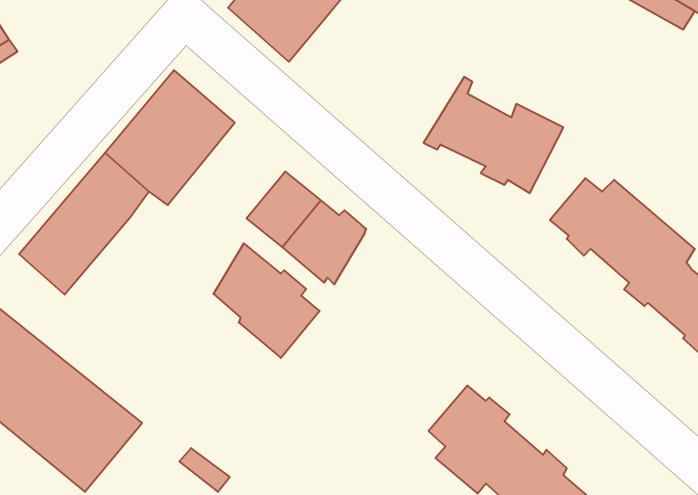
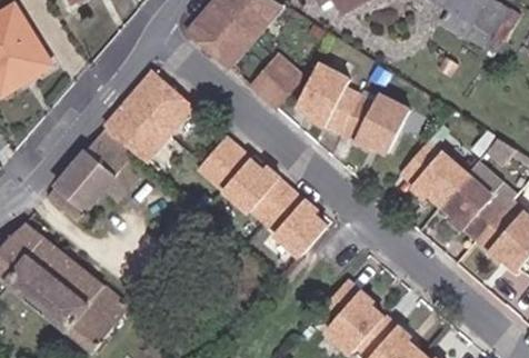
building: none -> [250,58,301,108]
building: none -> [296,64,342,121]
building: [213,243,320,358] -> [257,181,327,257]

